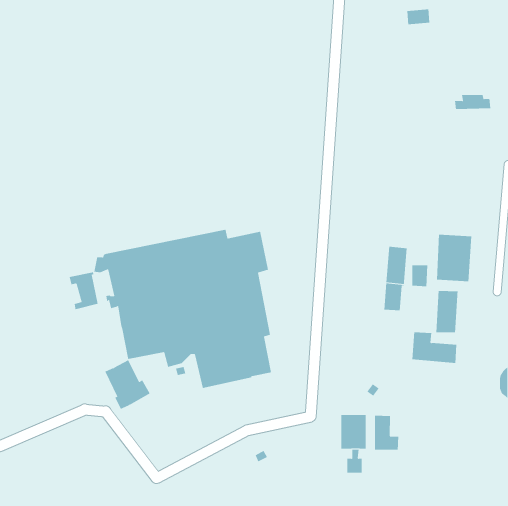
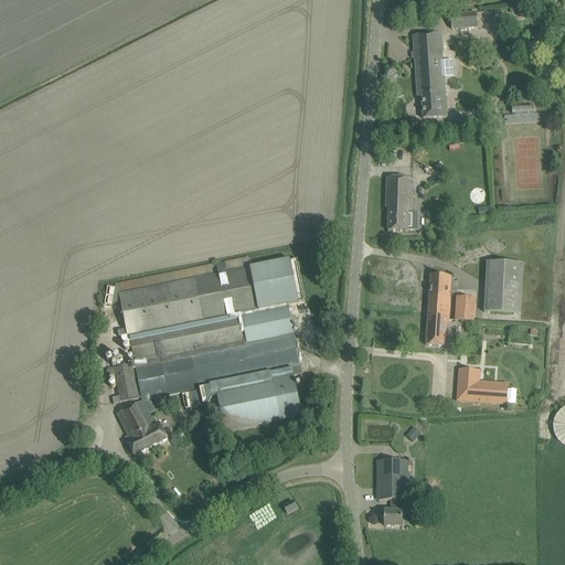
building: none -> [412,32,452,117]
building: none -> [385,175,413,230]
building: [69,272,99,310] -> [106,361,139,403]
building: [436,290,458,333] -> none
building: [375,415,399,450] -> none

